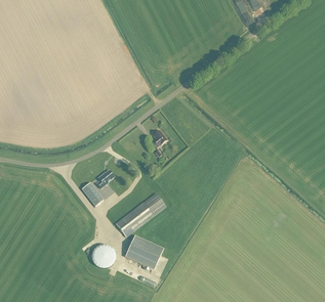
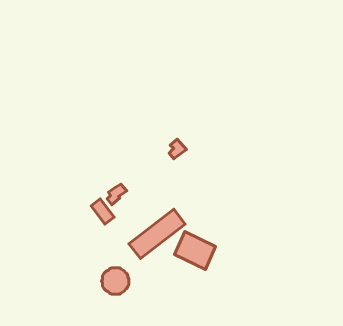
building: [126,234,163,268] -> [174,232,216,269]

